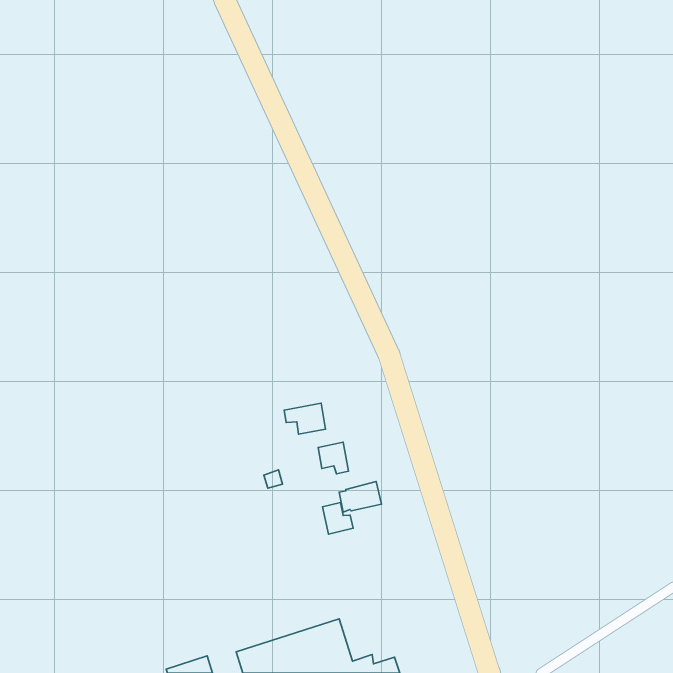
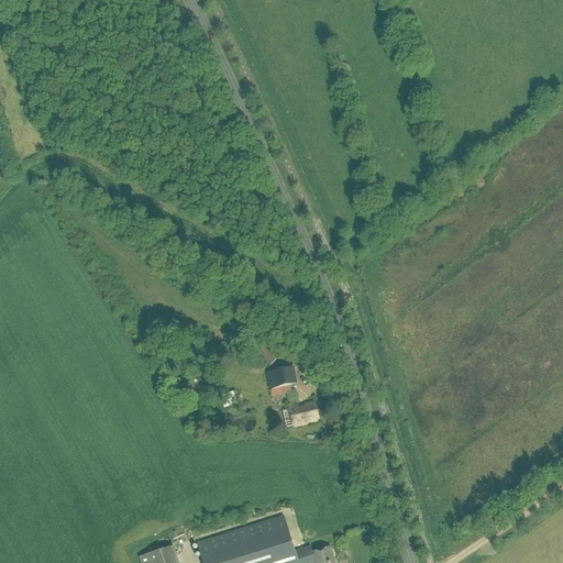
building: [284,403,325,434] -> none
building: [322,503,353,534] -> none

